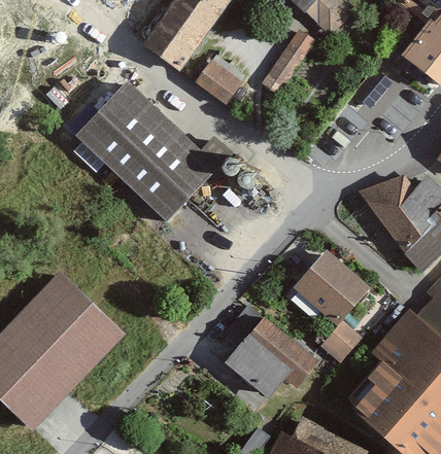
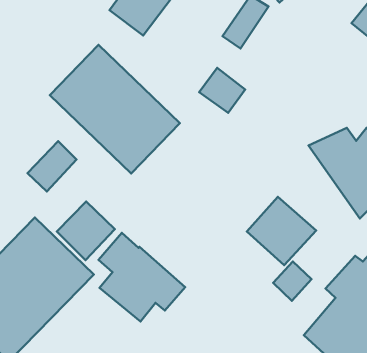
building: [195,57,245,106] -> [199,68,245,113]
building: none -> [27,141,77,191]
building: none -> [57,201,115,260]
building: [222,303,317,400] -> [98,233,185,322]

